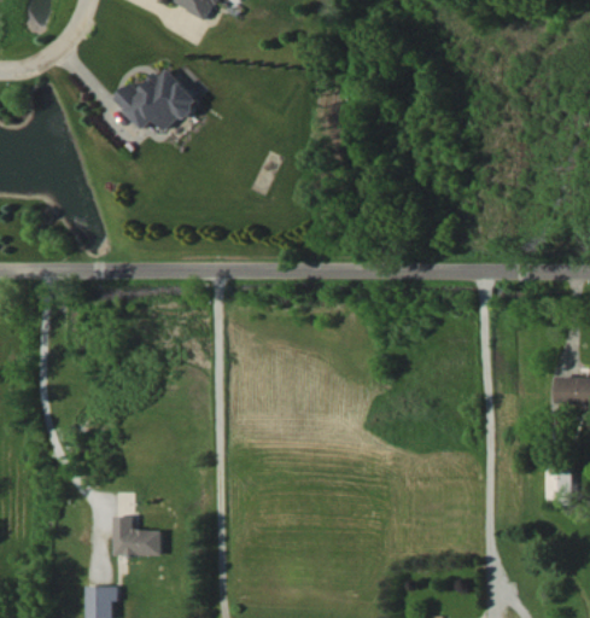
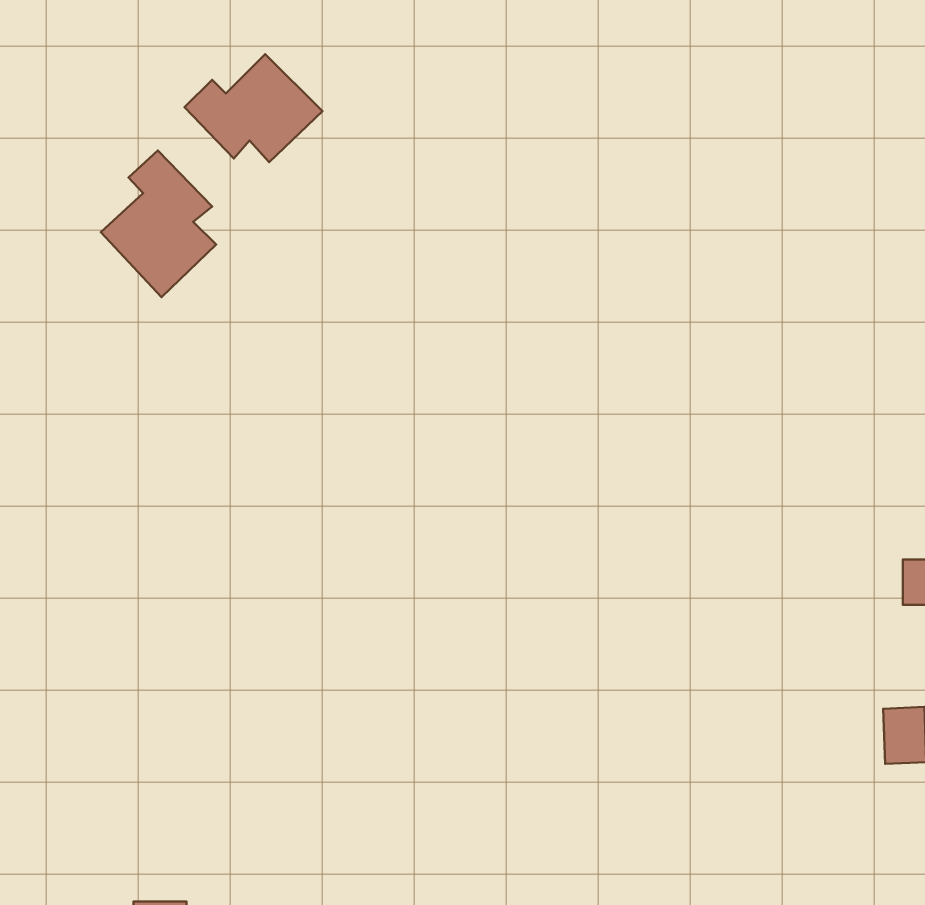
building: none -> [101,150,216,297]
building: [112,515,160,555] -> none

